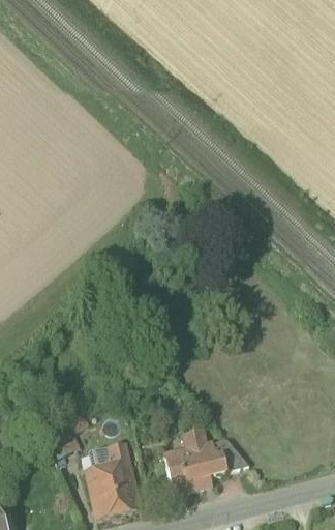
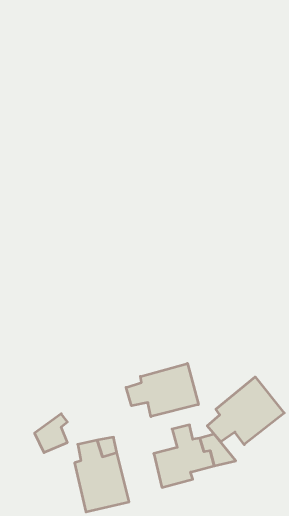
building: none -> [126,363,198,417]
building: none -> [207,377,284,445]

